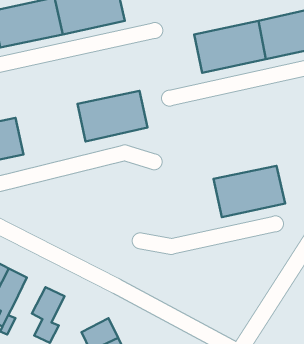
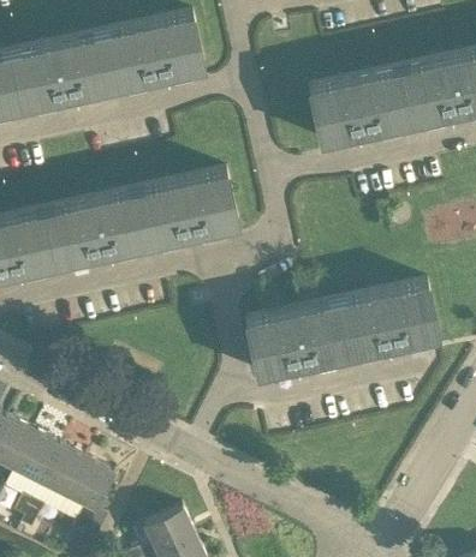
building: none -> [42,190,145,264]
building: none -> [242,300,346,377]
building: none -> [40,445,87,498]

